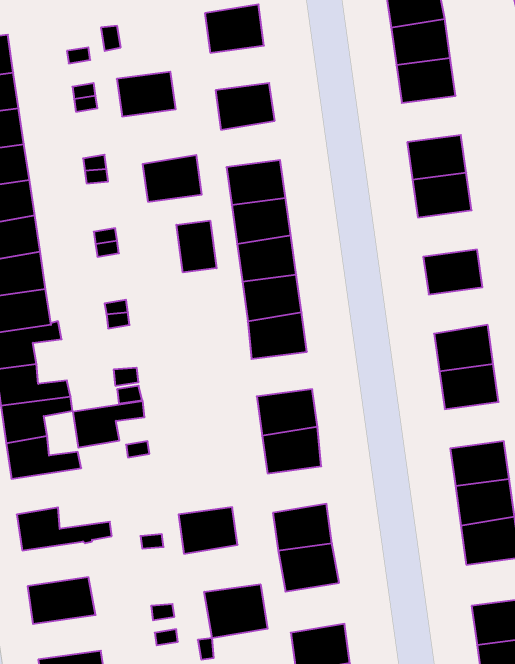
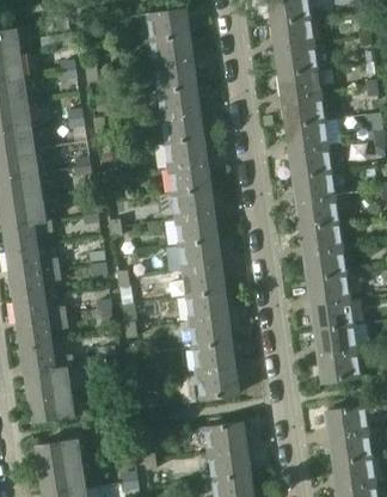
building: [117,72,176,116] -> [153,37,192,67]
building: none -> [281,70,320,102]
building: [143,155,202,202] -> [160,87,199,118]
building: none -> [291,147,331,178]
building: [176,221,217,272] -> none
building: none -> [299,198,338,229]
building: none -> [180,241,221,271]
building: [73,401,145,448] -> [20,319,68,350]
building: none -> [309,275,349,306]
building: [179,507,238,554] -> [191,318,231,349]
building: none -> [27,368,72,398]
building: [204,584,268,638] -> none

